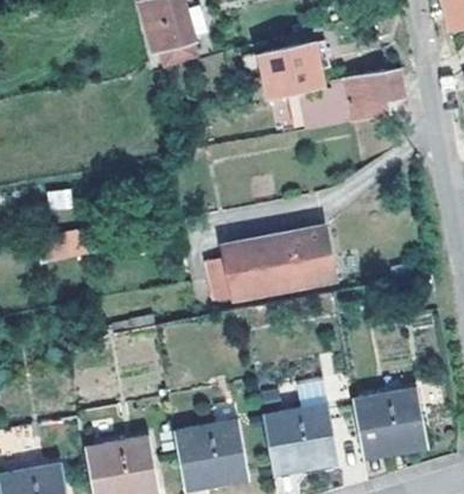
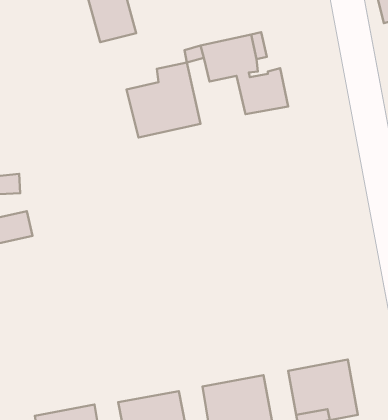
building: [344,69,405,120] -> none
building: none -> [126,62,200,138]
building: [224,228,335,298] -> none

